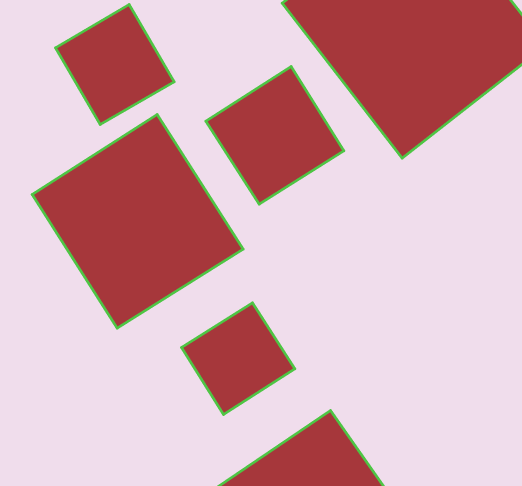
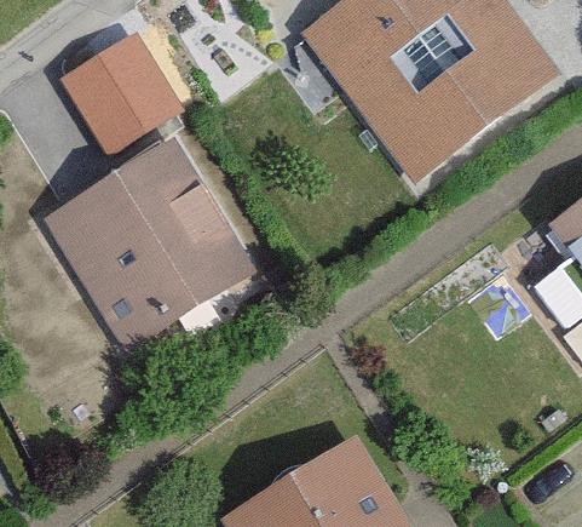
building: [206,67,344,204] -> none
building: [182,303,295,414] -> none

